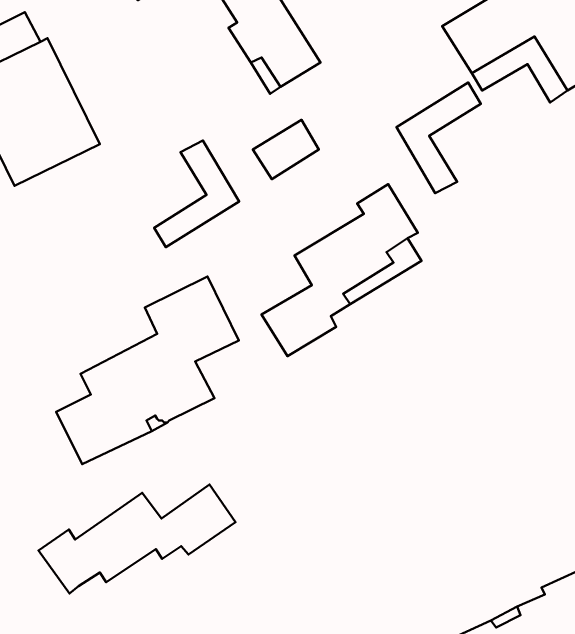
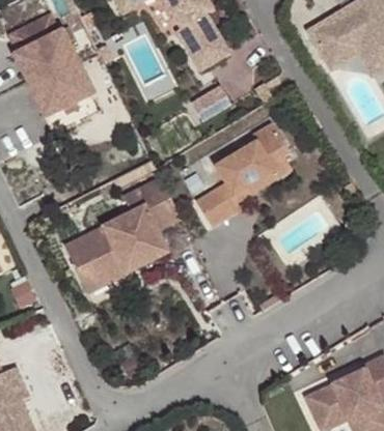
building: [396,83,481,193] -> none
building: [154,141,239,247] -> none
building: [38,485,236,593] -> none

